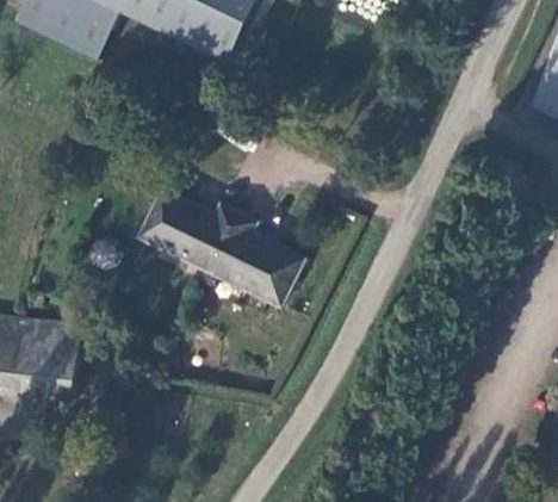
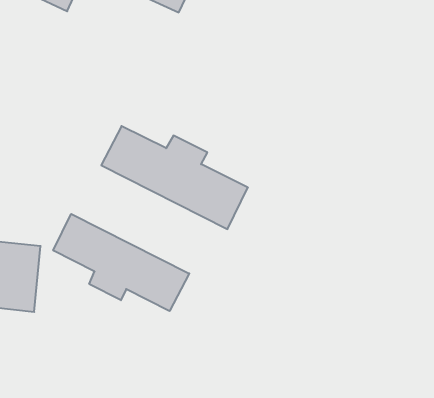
building: none -> [53,214,189,311]

